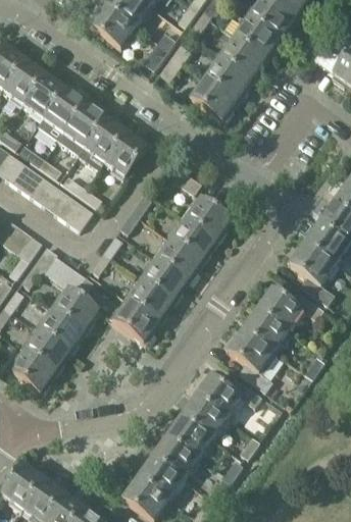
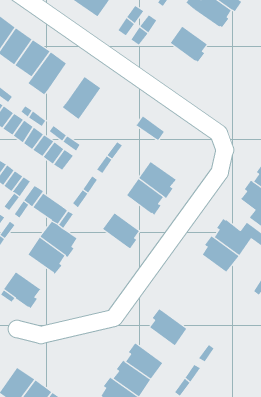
building: [221,37,266,80] -> none
building: [192,76,238,120] -> none
building: [58,101,105,153] -> none
building: [104,130,146,175] -> none
building: [184,196,231,242] -> none
building: [141,258,186,302] -> none
building: [111,298,157,343] -> none
building: [229,326,274,390] -> none
building: [23,328,68,373] -> none
building: [197,372,262,417] -> none
building: [168,413,213,458] -> none

